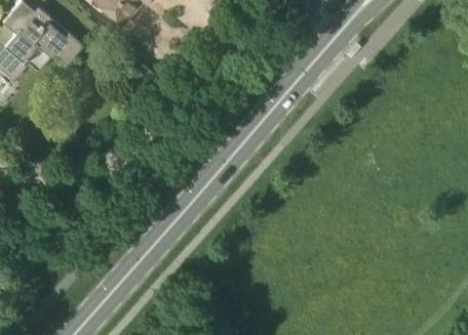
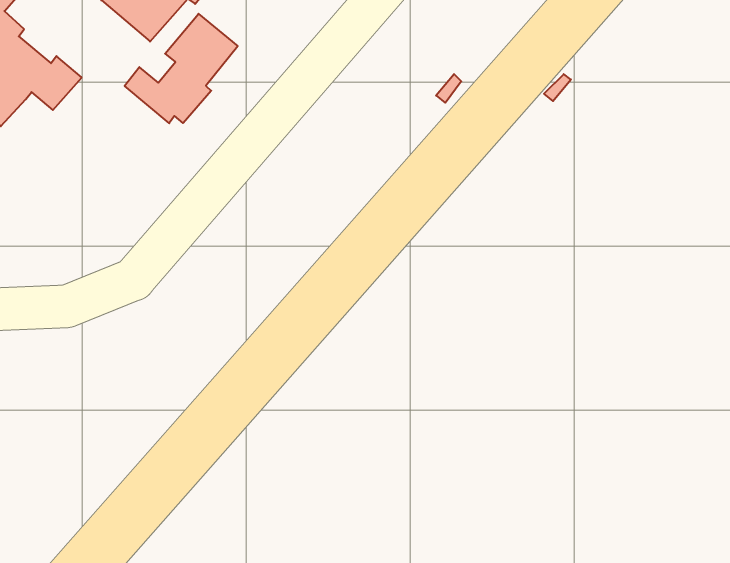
building: none -> [125,14,238,123]

